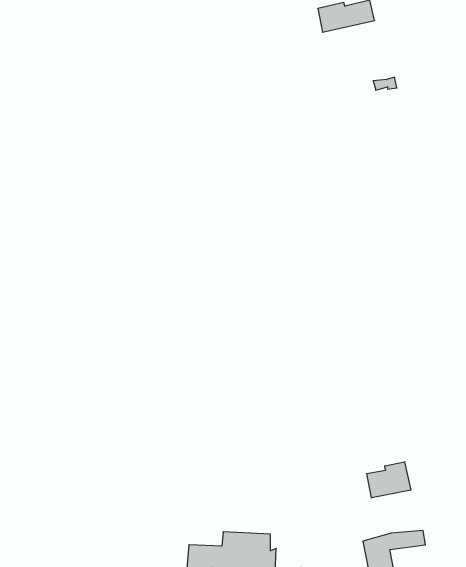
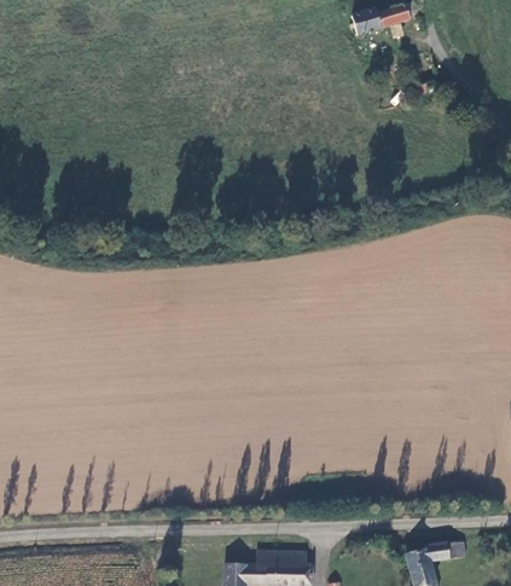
building: [367,462,411,498] -> none

